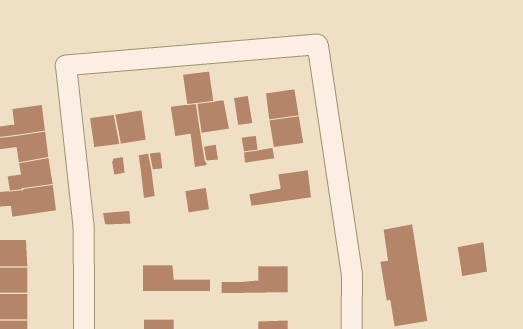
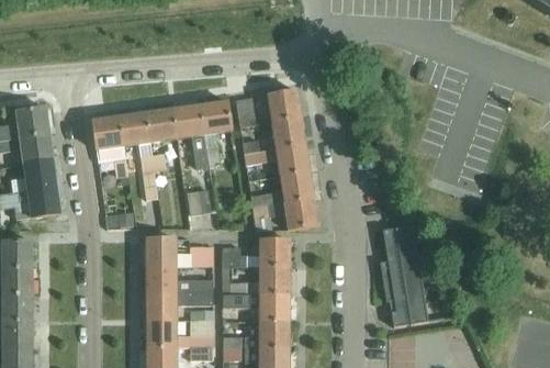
building: [182,71,214,104] -> [145,109,177,142]
building: none -> [274,145,310,176]
building: none -> [252,199,317,231]
building: none -> [144,238,213,266]
building: none -> [223,239,290,268]
building: [457,242,488,277] -> none
building: none -> [145,292,213,320]
building: none -> [223,293,290,322]

